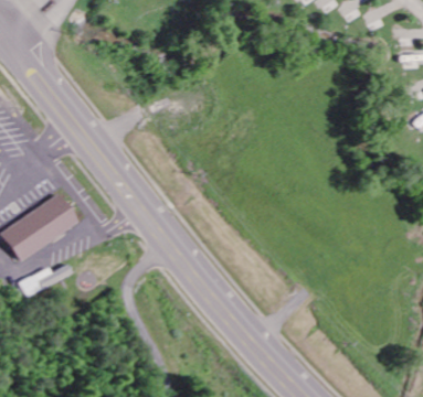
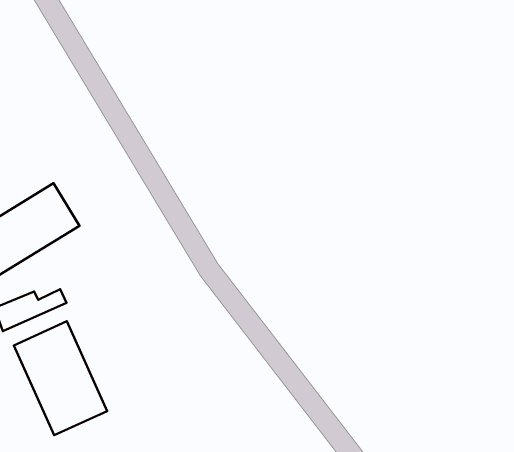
building: none -> [14,321,107,435]

